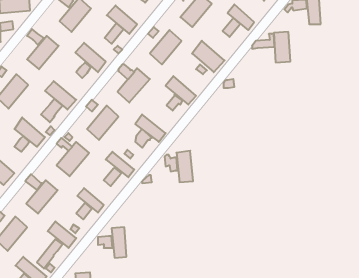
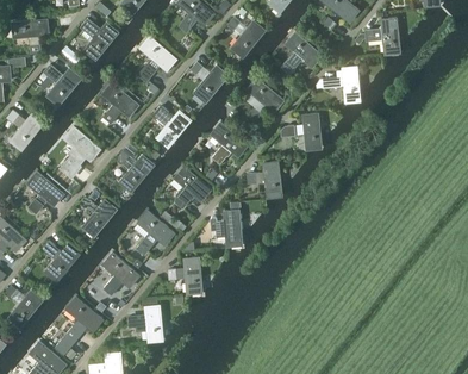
building: none -> [301,116,322,154]
building: none -> [261,164,281,202]
building: none -> [180,260,201,298]

